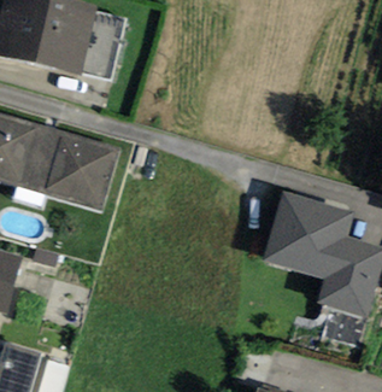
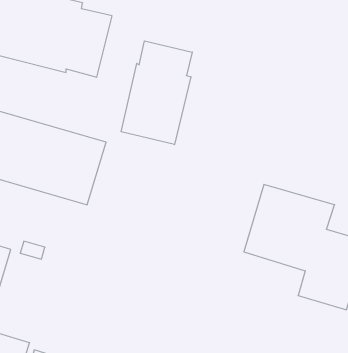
building: none -> [121,41,192,145]

